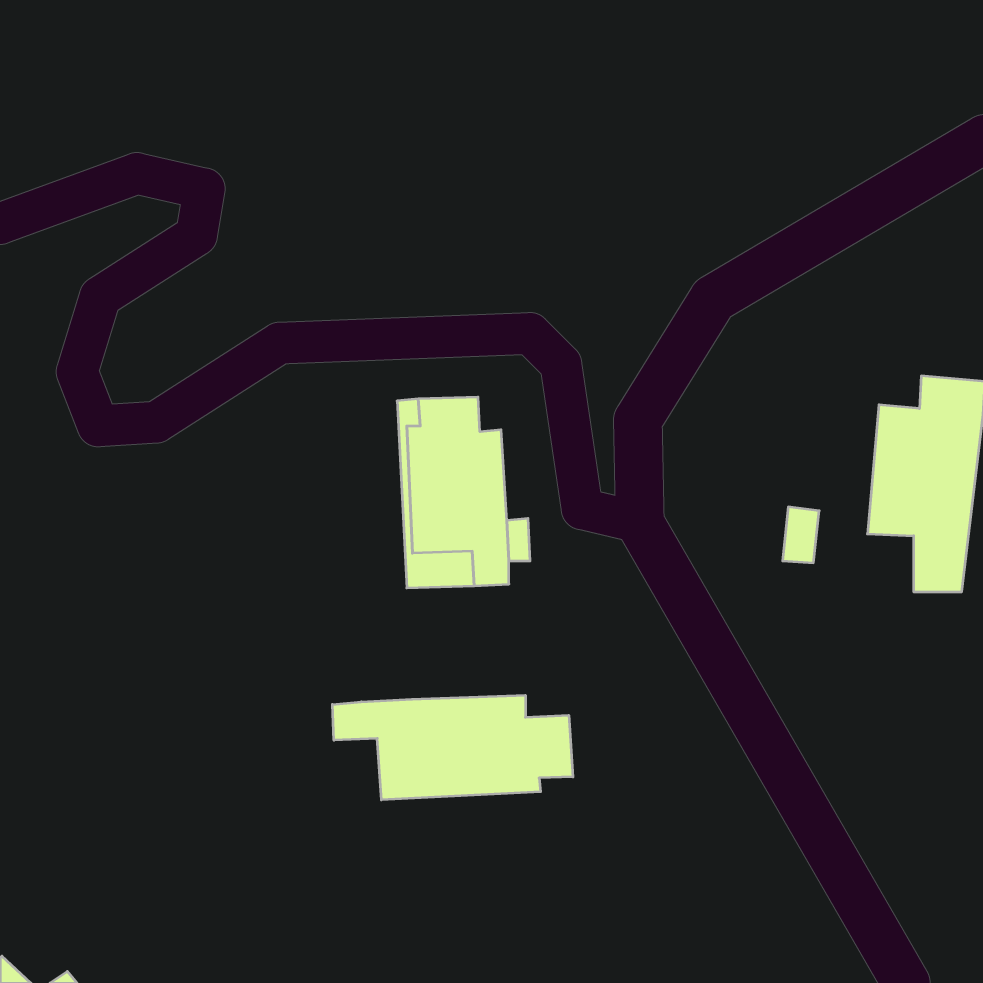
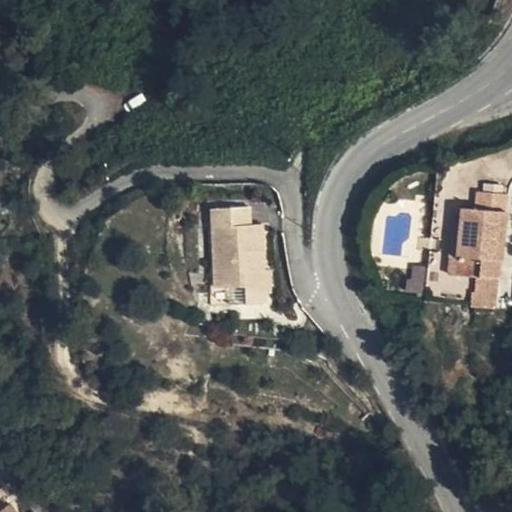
building: [332,695,573,800] -> none

